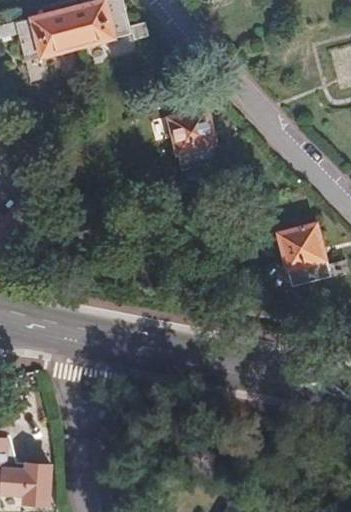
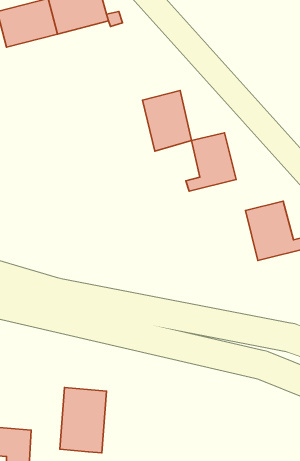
building: none -> [186,133,236,191]
building: none -> [60,388,106,453]

